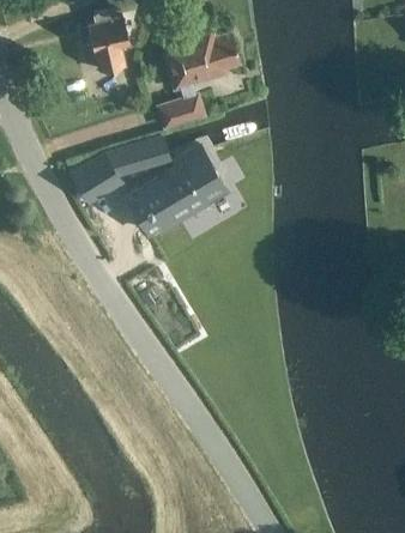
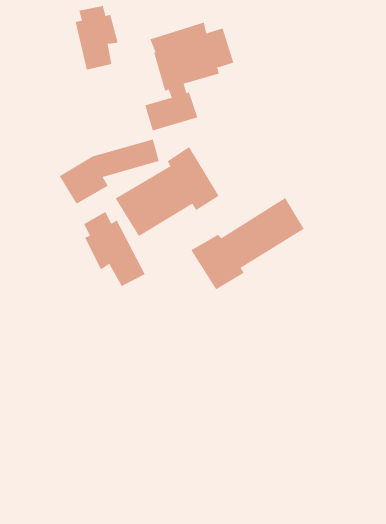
building: none -> [191,197,304,290]
building: none -> [83,211,146,287]

